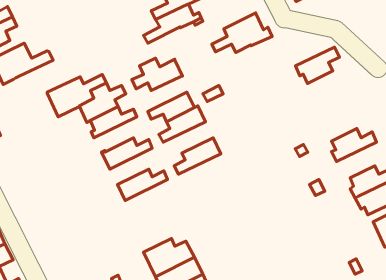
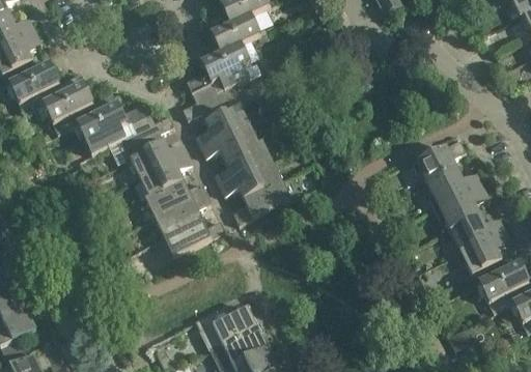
building: [212,13,272,53] -> [187,44,260,92]
building: [296,47,340,84] -> [412,139,466,183]
building: none -> [36,84,118,134]
building: none -> [196,105,249,147]
building: none -> [135,153,193,197]
building: none -> [220,160,281,198]
building: none -> [432,184,487,228]
building: none -> [155,192,212,236]

